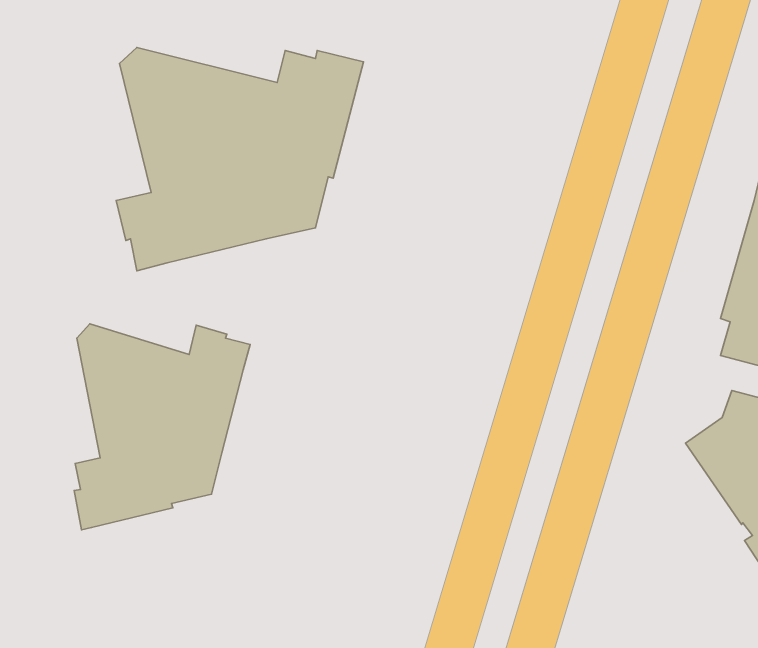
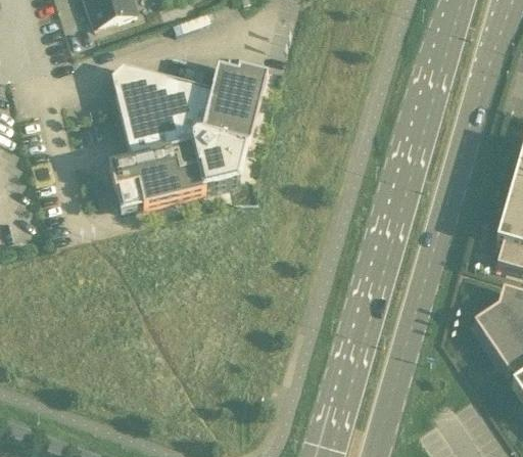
building: [74,324,250,530] -> none

